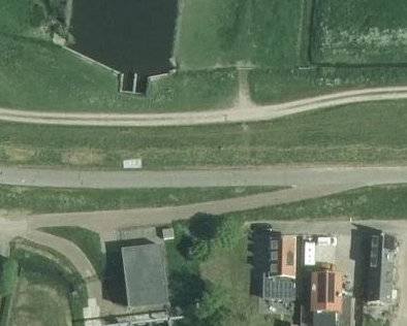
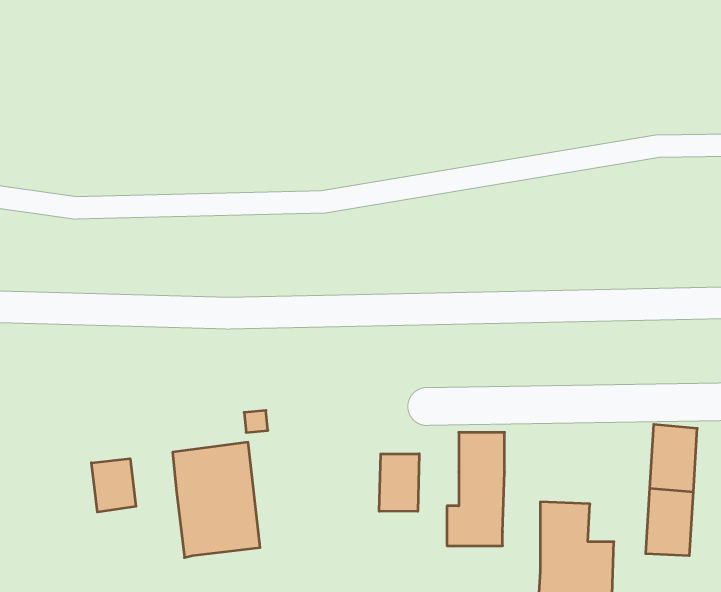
building: none -> [379,454,419,511]
building: none -> [91,459,136,512]

